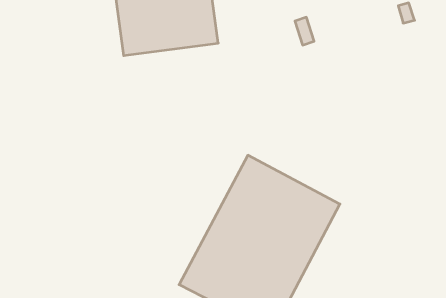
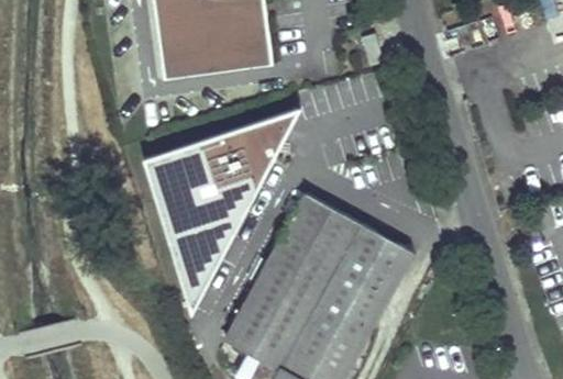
building: none -> [143,108,300,313]

